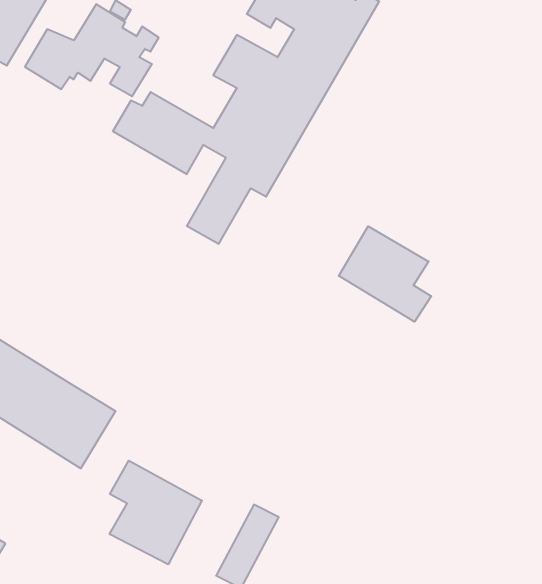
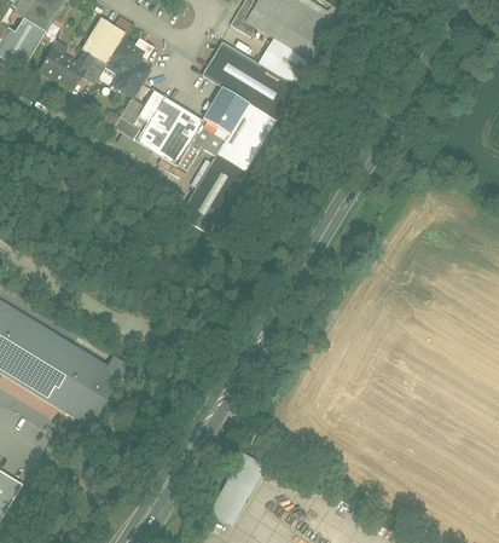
building: [339,226,431,322] -> none
building: [110,461,202,564] -> none

